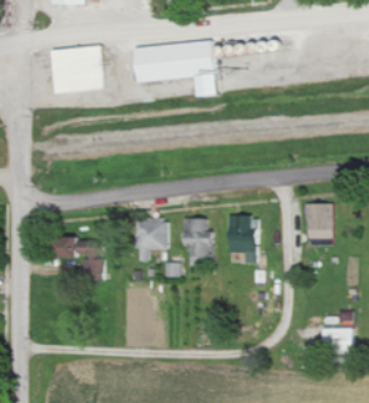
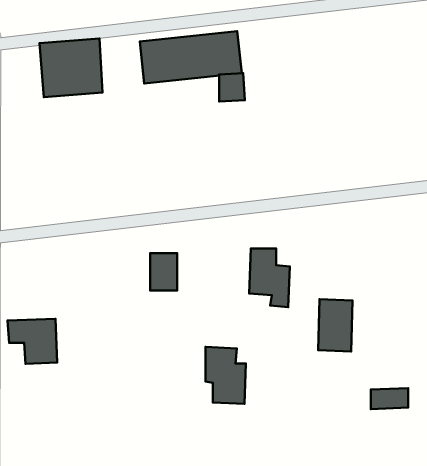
building: [302,203,330,246] -> [318,299,353,352]
building: [180,218,213,264] -> [205,347,246,404]
building: [64,238,104,275] -> [8,319,57,364]

